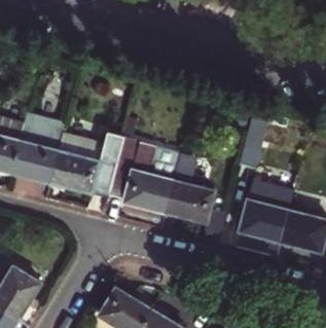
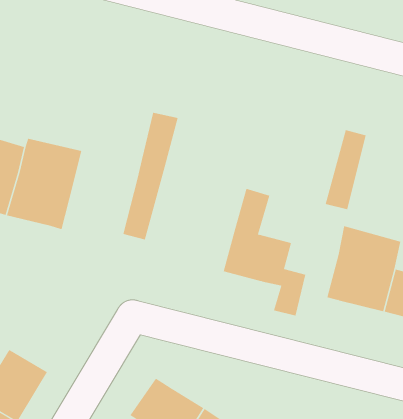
building: [50,135,104,194] -> none
building: [110,138,182,213] -> none

